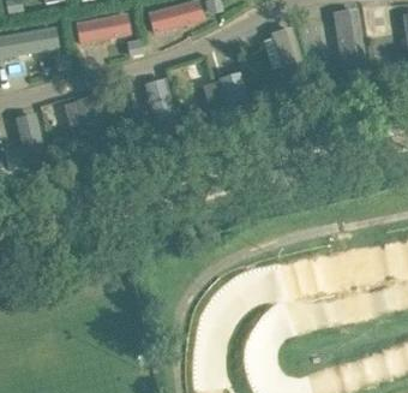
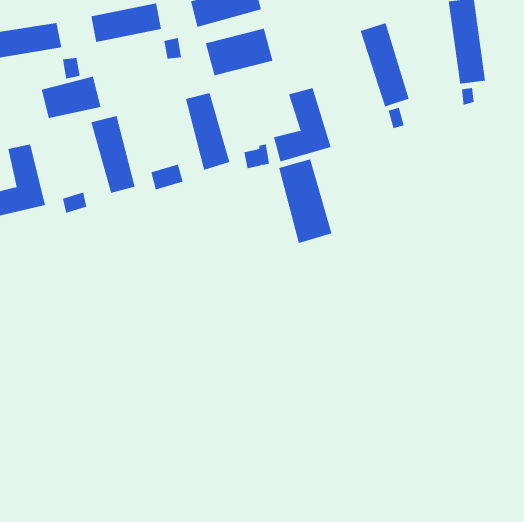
building: none -> [205,28,273,76]
building: none -> [41,76,101,119]
building: none -> [278,158,332,244]

